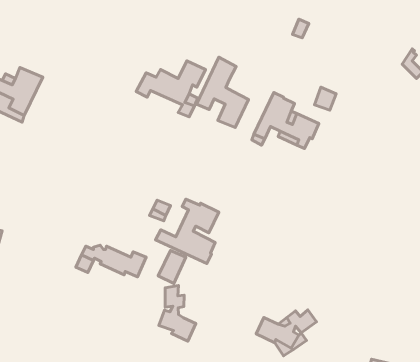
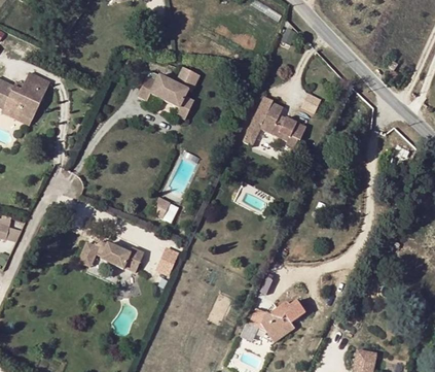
building: [197,57,248,127] -> none
building: [155,199,219,263] -> none
building: [159,285,196,341] -> none

